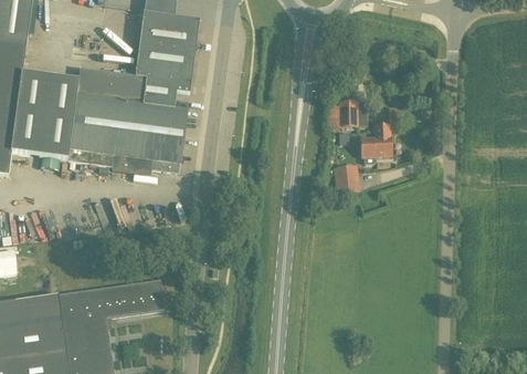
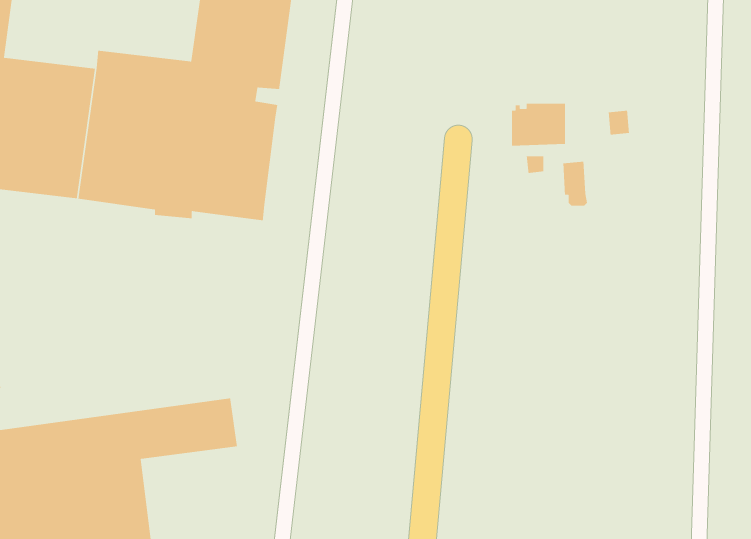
building: [373,123,391,155] -> none
building: [334,164,359,191] -> none

